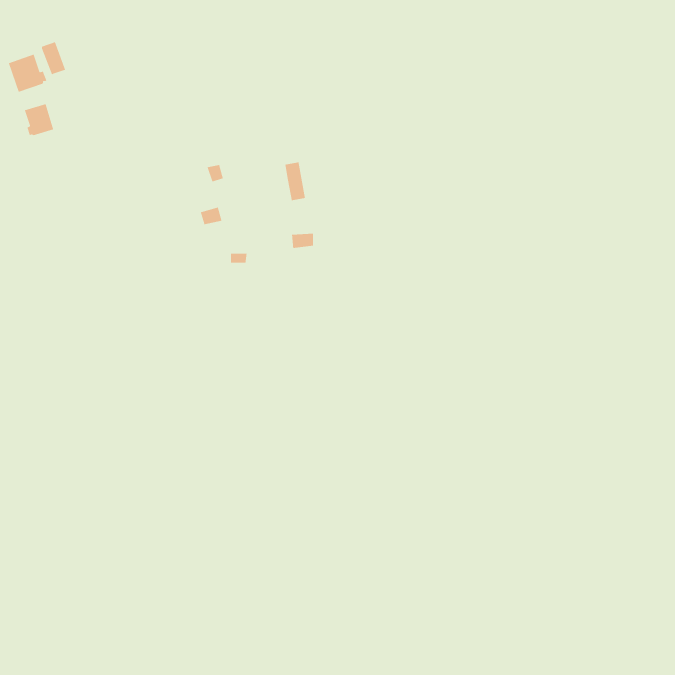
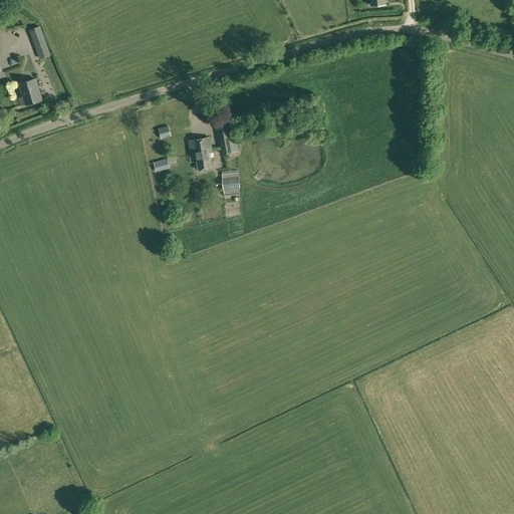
building: [8,53,47,93] -> none
building: none -> [188,137,212,168]

